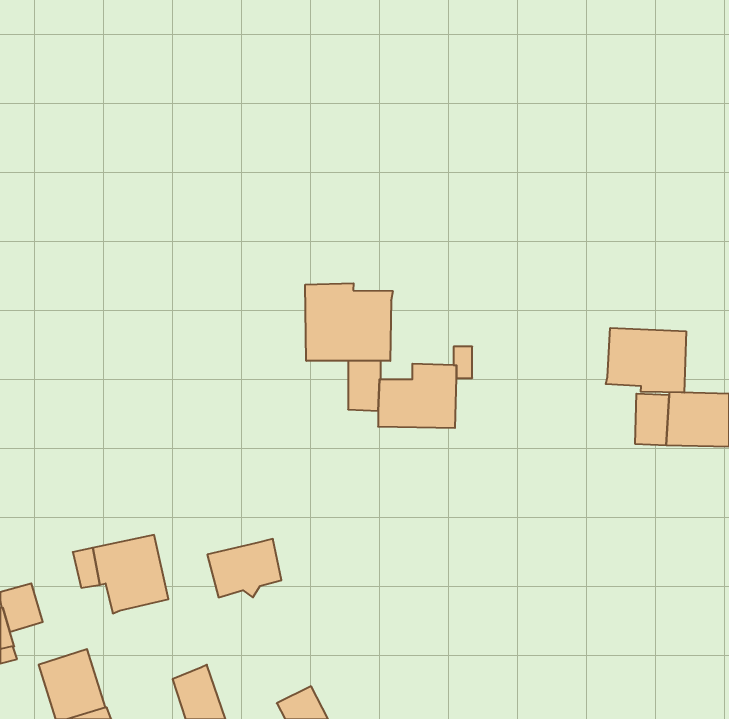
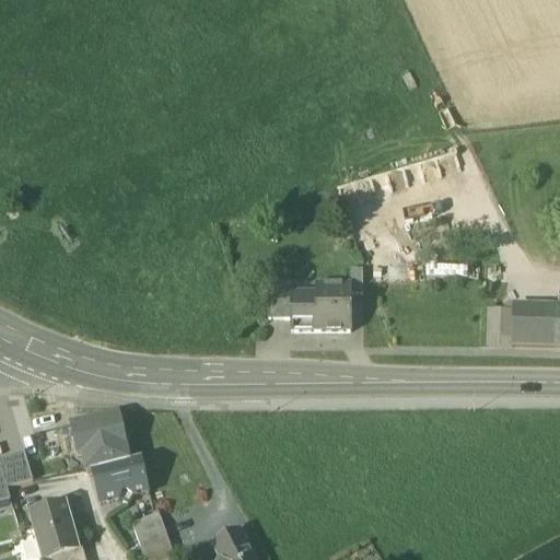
building: [305,283,393,361] -> none
building: [606,328,686,393] -> none
building: [207,539,281,597] -> [92,456,149,501]

